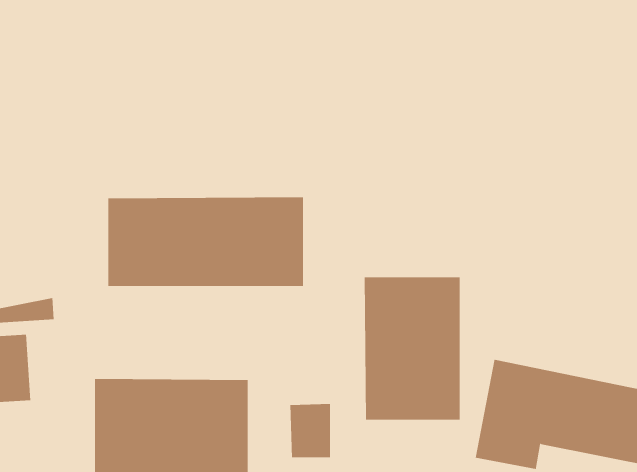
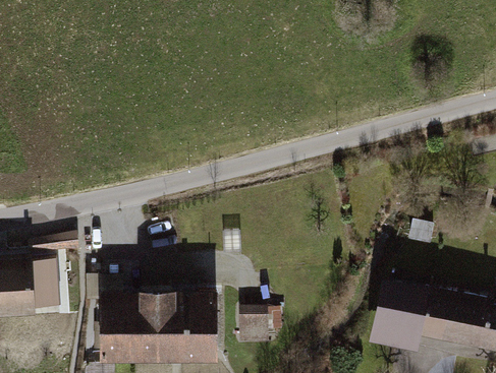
building: [108,196,304,287] -> none
building: [364,276,460,421] -> none

